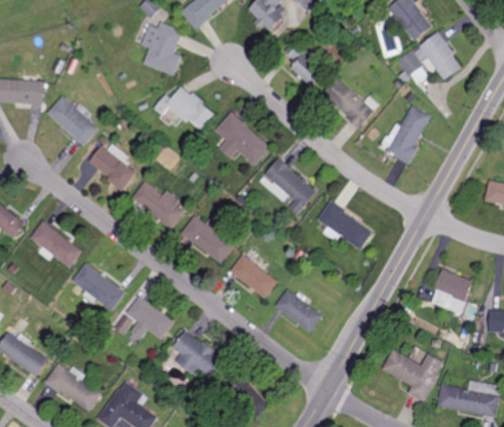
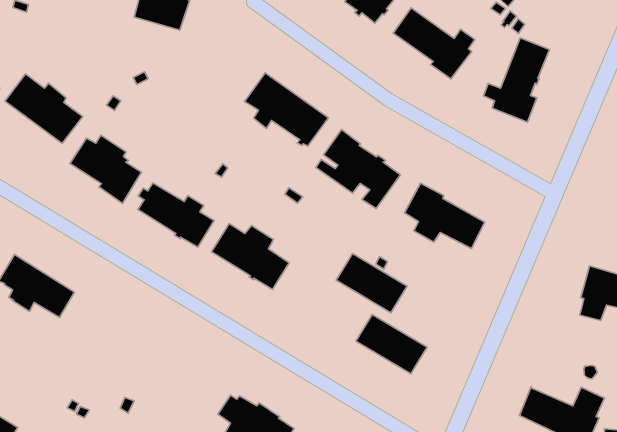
building: [153,86,215,128] -> none
building: [229,255,278,299] -> [336,254,407,313]
building: [71,263,124,312] -> none
building: [115,296,175,340] -> none

